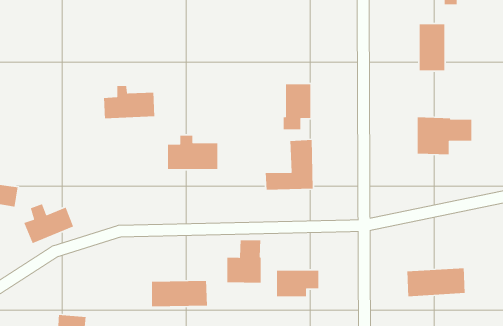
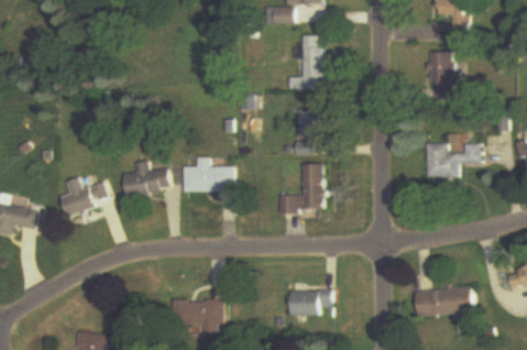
building: none -> [287,34,326,88]
building: [103,85,155,119] -> [122,161,173,194]
building: [23,203,74,244] -> [58,177,108,217]
building: [227,239,262,284] -> none

